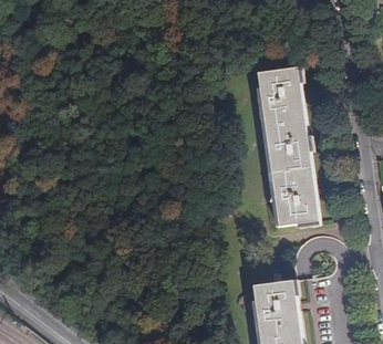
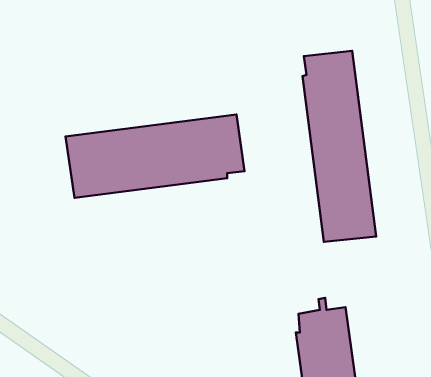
building: none -> [65,115,244,198]

